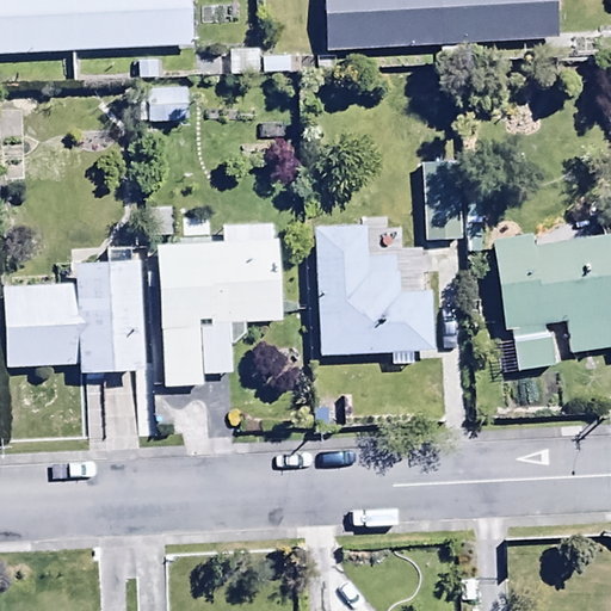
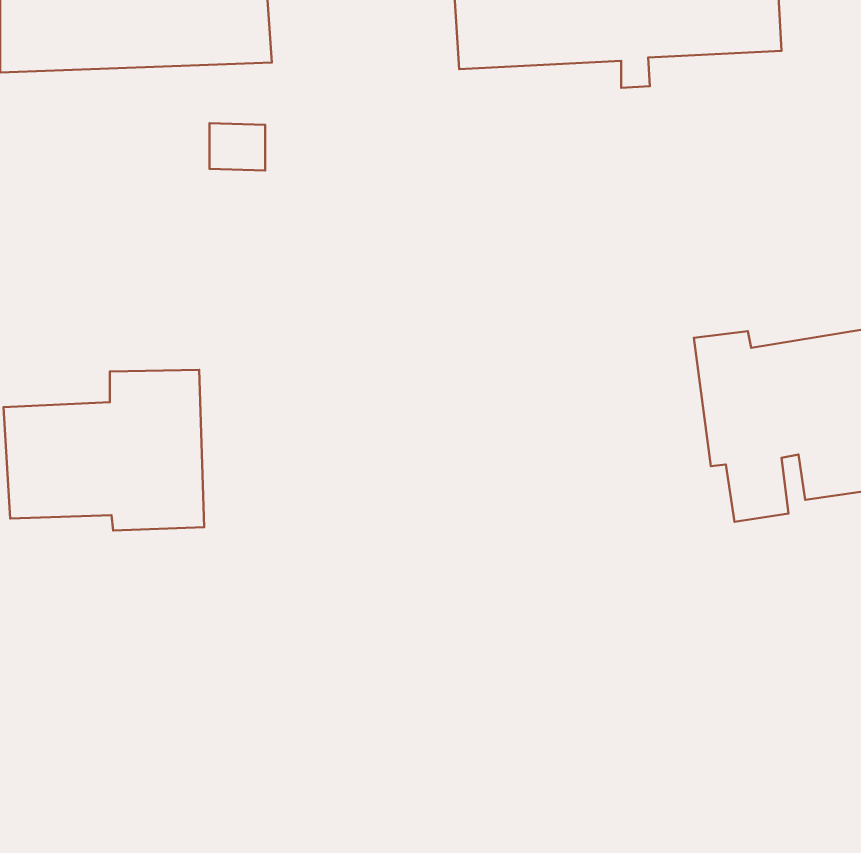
building: [425,163,463,237] -> none
building: [158,223,283,389] -> none
building: [314,226,434,356] -> none

